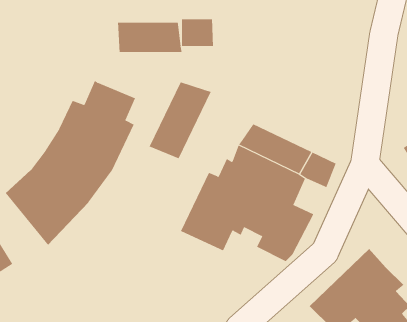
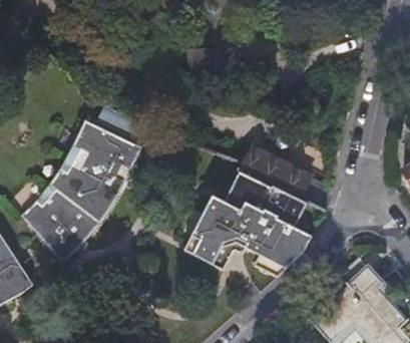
building: [118,22,182,53] -> none
building: [149,82,212,159] -> none

